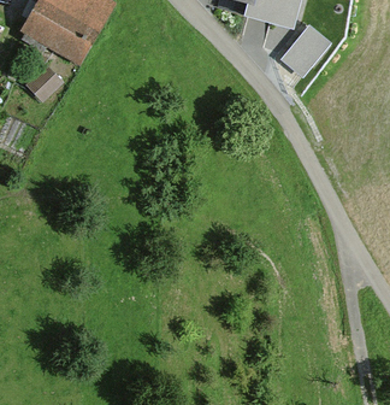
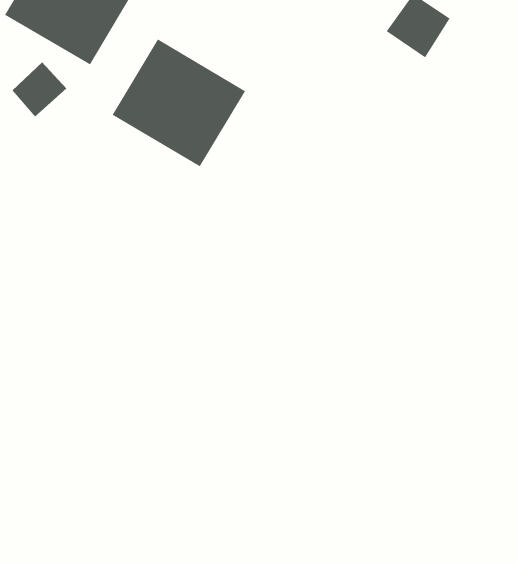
building: none -> [112,39,246,167]

